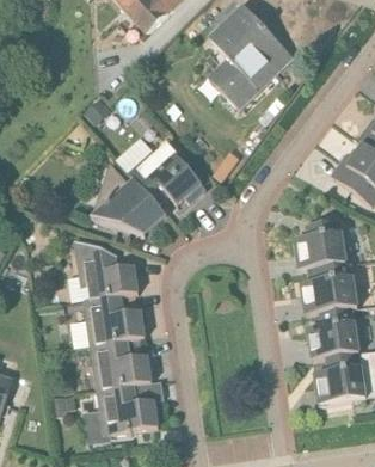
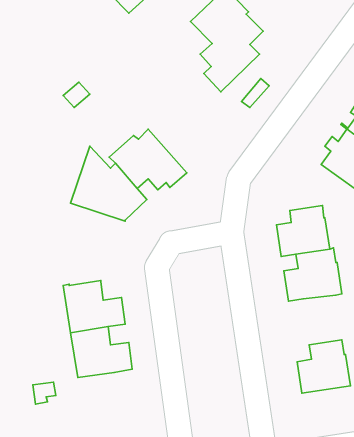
building: [76,241,139,299] -> none
building: [308,308,359,360] -> none
building: [98,385,159,435] -> none

